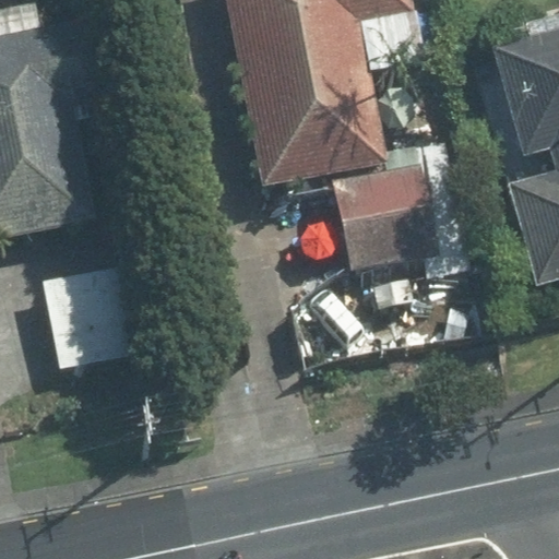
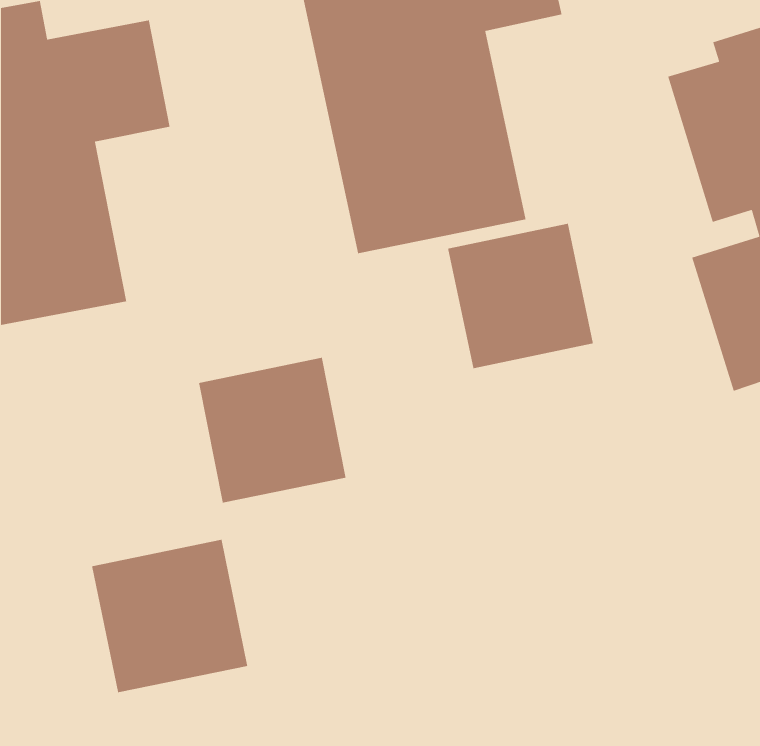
building: [40,260,148,367] -> [198,357,346,503]
building: none -> [91,539,248,693]

